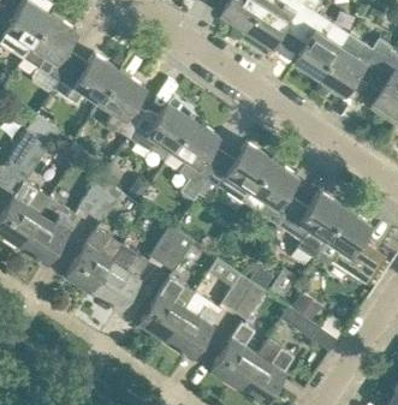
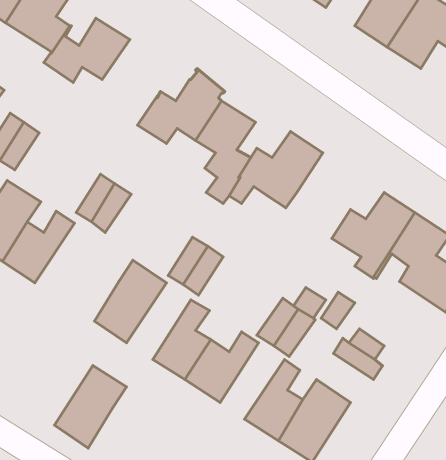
building: [99,72,145,139] -> none
building: [243,161,297,228] -> none
building: [66,228,123,293] -> [54,365,126,448]

